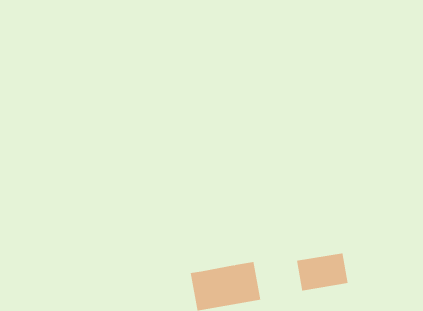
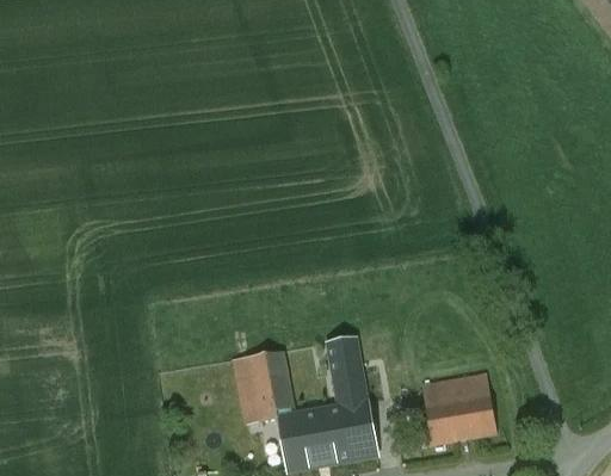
building: none -> [327,336,366,406]
building: none -> [241,348,294,421]

